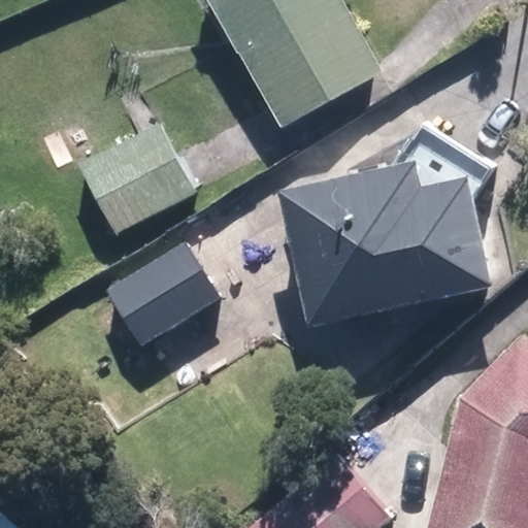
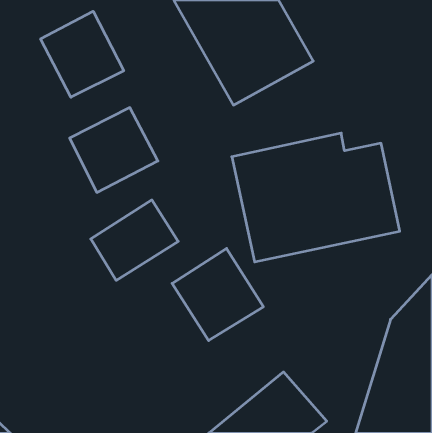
building: none -> [41,11,124,97]
building: none -> [172,248,263,341]

